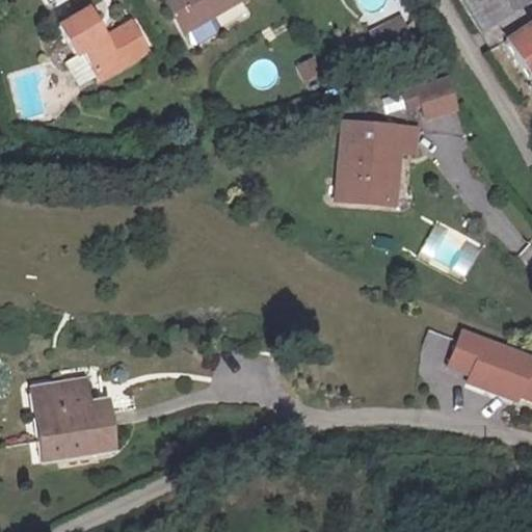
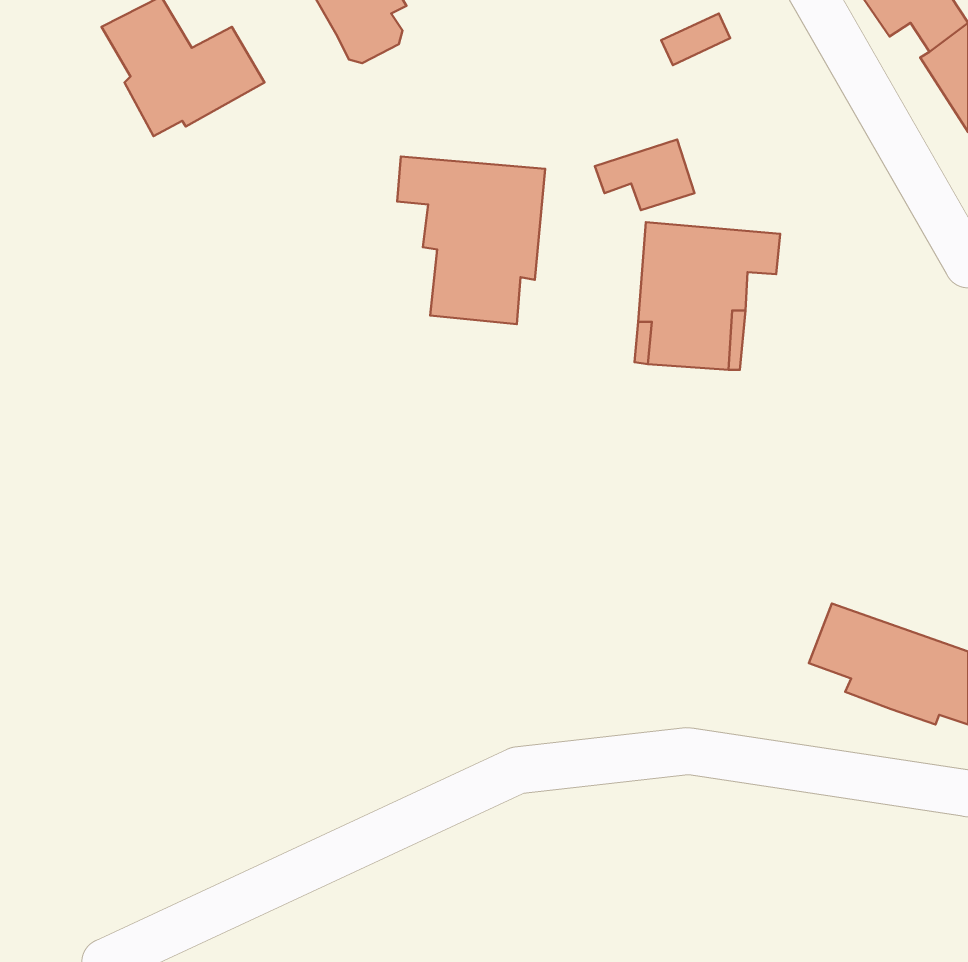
building: [409,77,463,115] -> [595,139,694,210]
building: none -> [397,156,545,324]
building: [32,378,117,464] -> none

